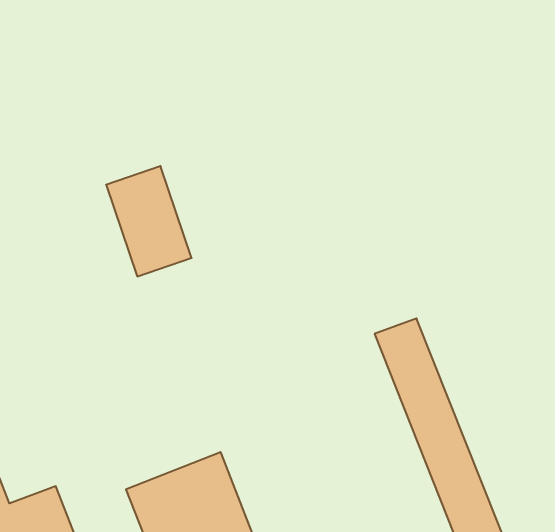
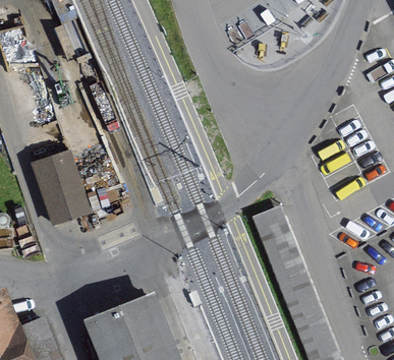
building: [106,166,192,276] -> [33,152,89,224]

